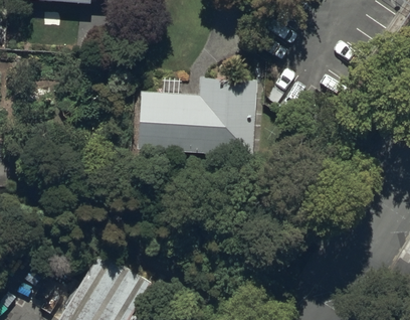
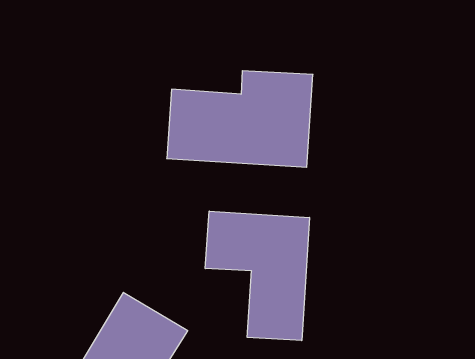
building: none -> [205,211,309,341]

